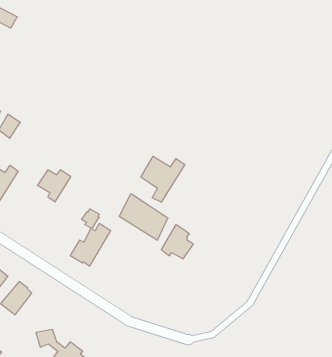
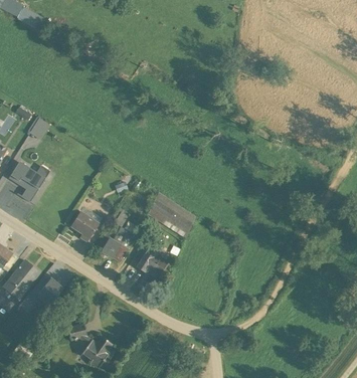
building: [141,156,185,202] -> none
building: [37,170,71,202] -> [69,211,102,242]
building: [161,225,193,259] -> [137,242,168,275]

